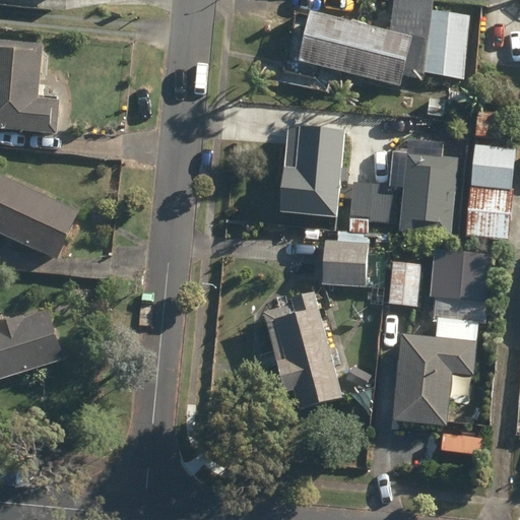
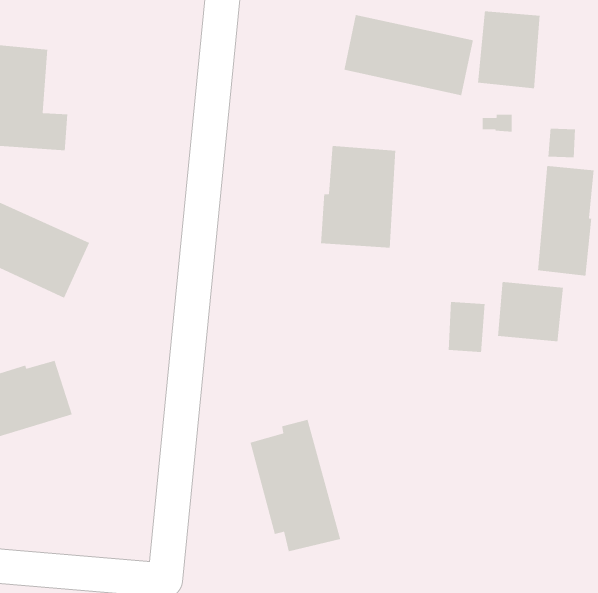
building: [399,152,456,235] -> none
building: [349,181,398,232] -> none
building: [323,240,368,285] -> none
building: [262,292,341,408] -> [250,419,341,552]
building: [392,316,478,427] -> none

